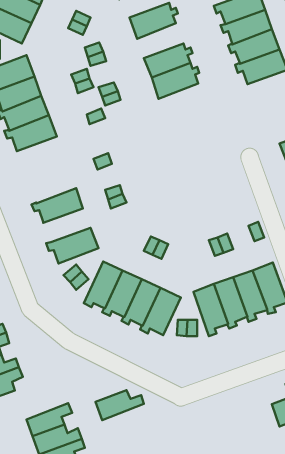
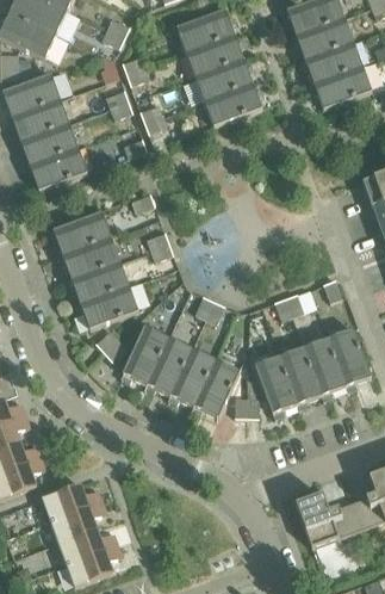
building: none -> [186,32,244,75]
building: none -> [48,211,111,254]
building: none -> [66,260,129,302]
building: [96,390,144,420] -> [42,483,101,520]
building: none -> [294,493,361,546]

